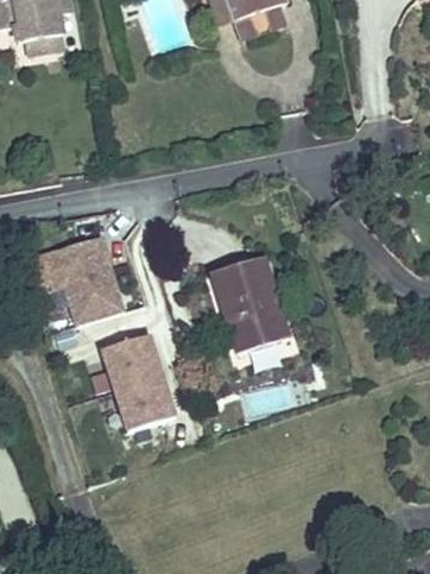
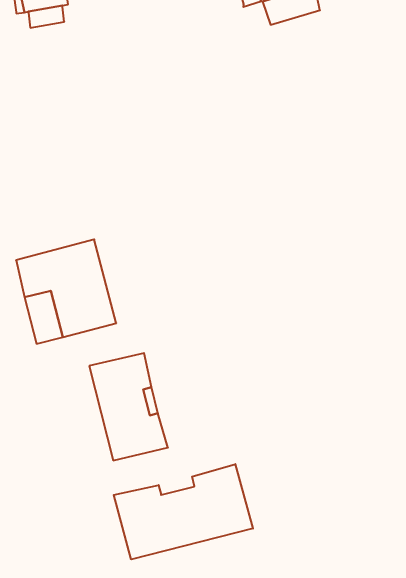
building: [211,256,291,354] -> none
building: none -> [114,464,253,559]

